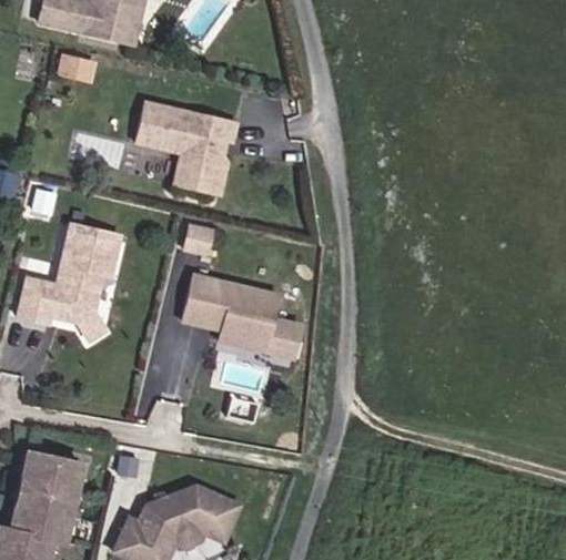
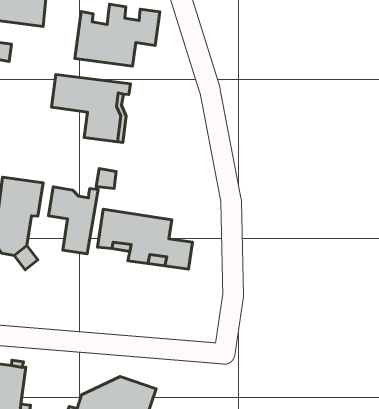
building: none -> [75,4,160,66]
building: none -> [49,187,98,254]

